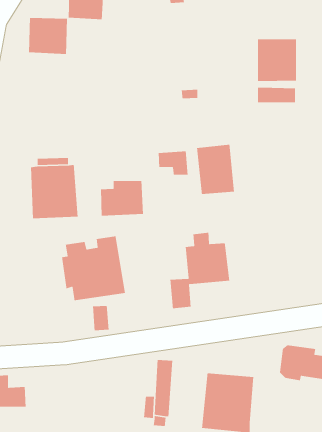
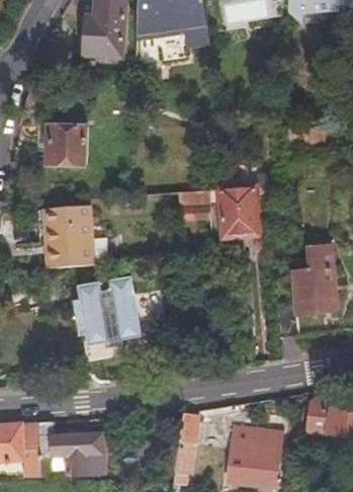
building: [28,17,68,55] -> [49,125,90,164]
building: [257,38,297,82] -> none
building: [100,180,144,216] -> none
building: [169,232,230,309] -> [277,258,341,339]
building: none -> [38,424,106,481]

